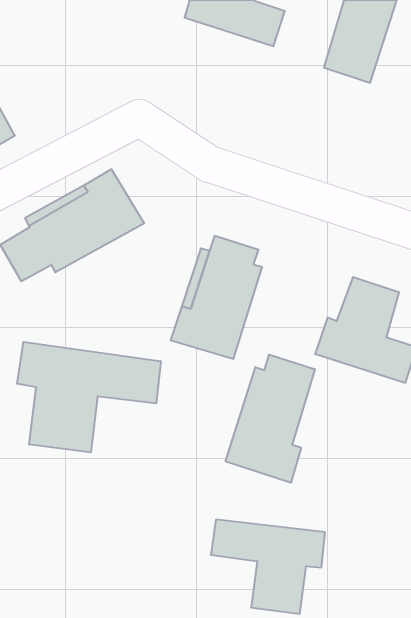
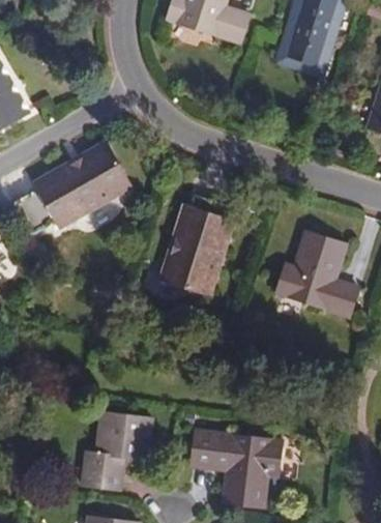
building: [17,342,161,452] -> none
building: [226,355,315,483] -> none
building: none -> [81,411,151,490]

